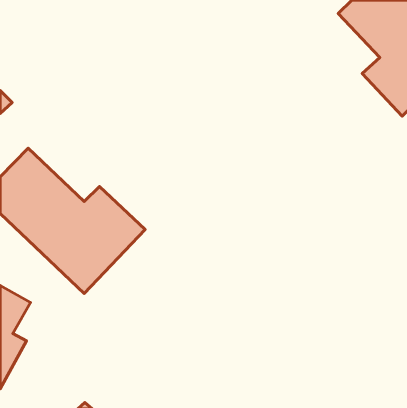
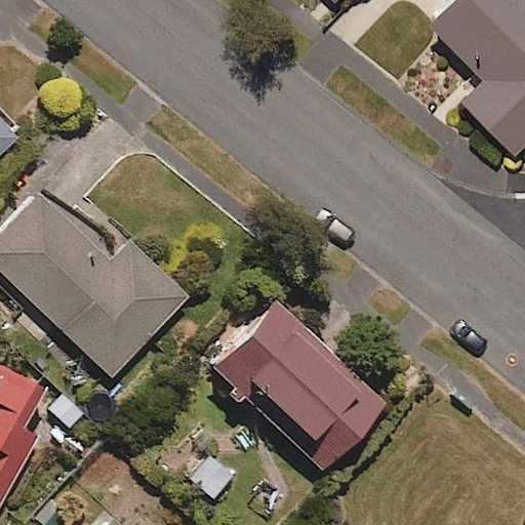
building: none -> [207,298,385,473]

